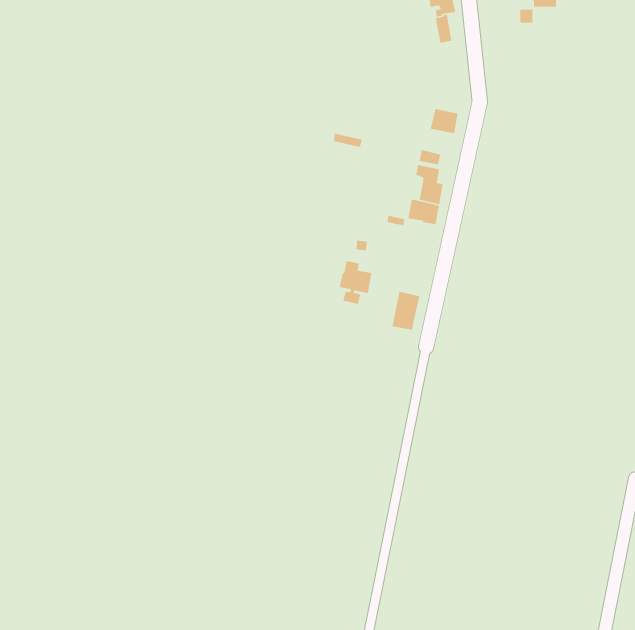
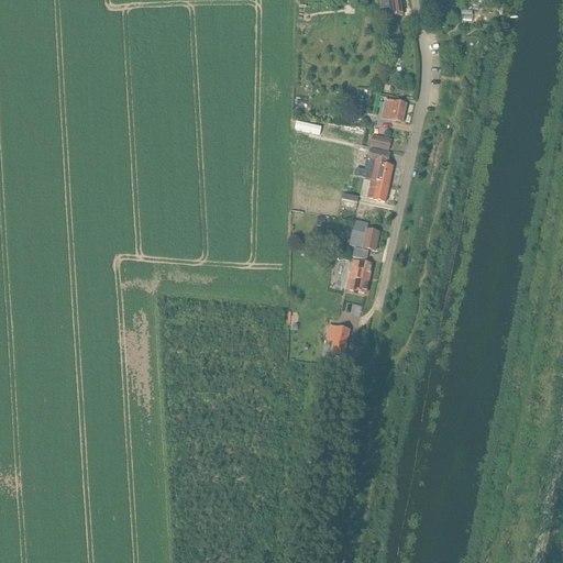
building: [339,260,372,305] -> [349,218,378,257]
building: none -> [327,322,350,353]

